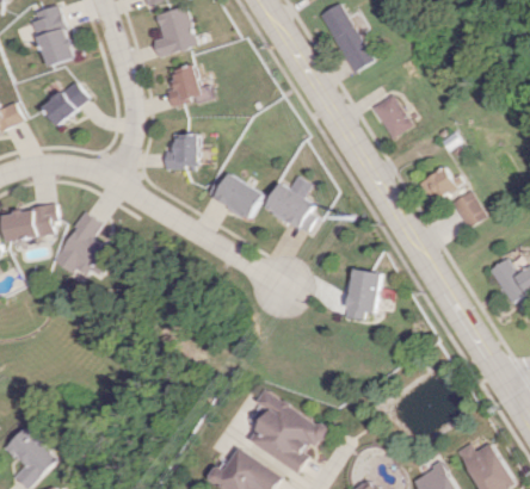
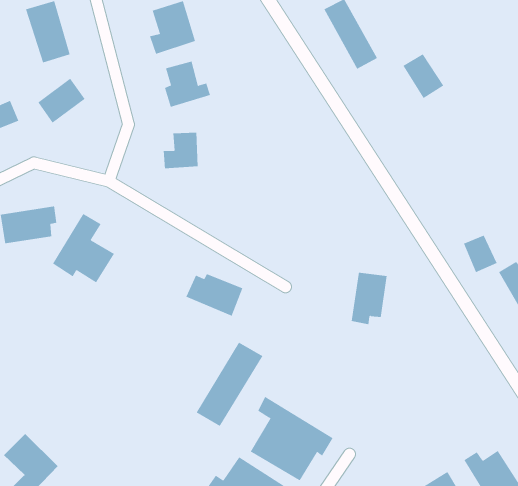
building: [370,94,411,138] -> [402,53,444,99]
building: [418,166,457,204] -> none
building: [205,175,261,217] -> [186,273,243,316]
building: [263,175,318,234] -> none
building: [452,191,486,228] -> [463,235,498,273]
building: none -> [196,342,263,427]

